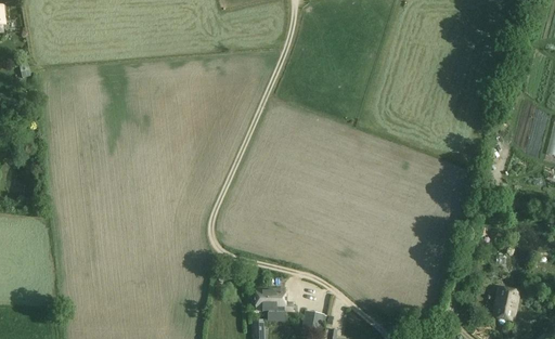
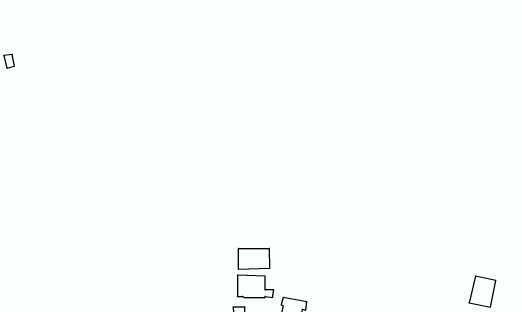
building: none -> [239,248,269,269]

